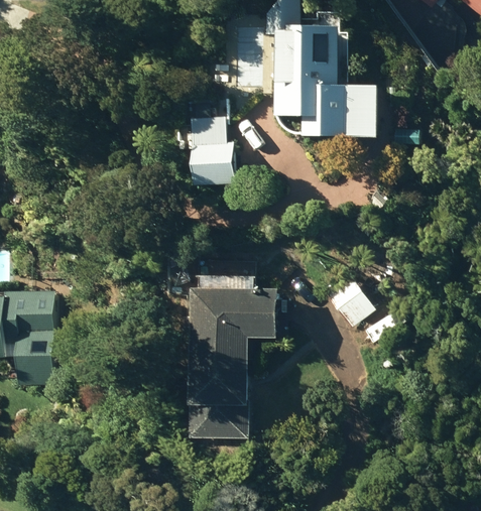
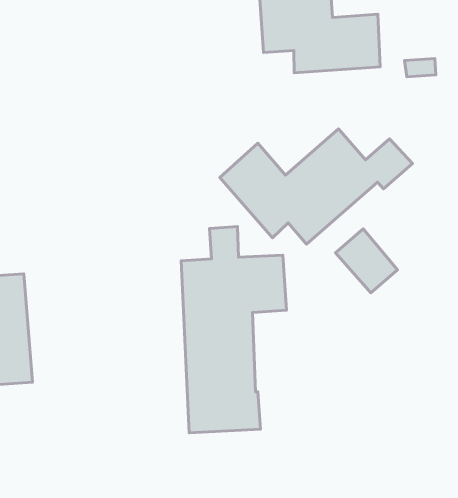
building: [192,101,235,183] -> none
building: none -> [220,129,412,244]

